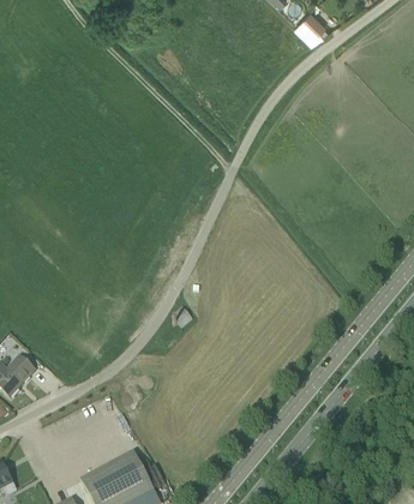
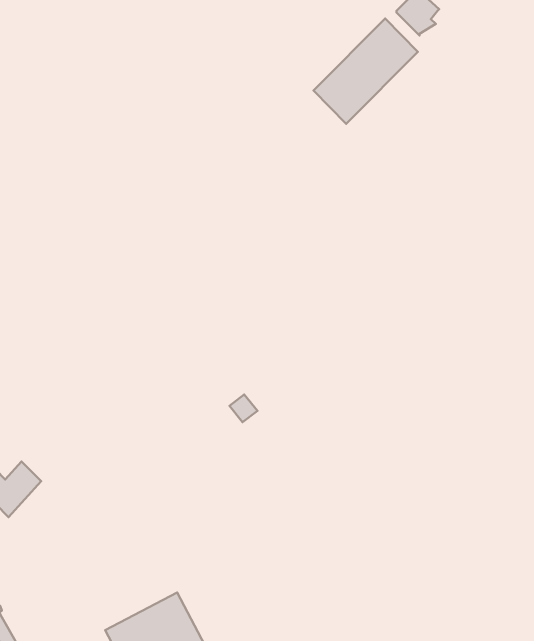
building: none -> [313,19,418,124]

